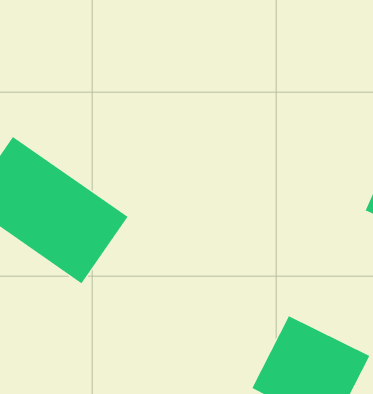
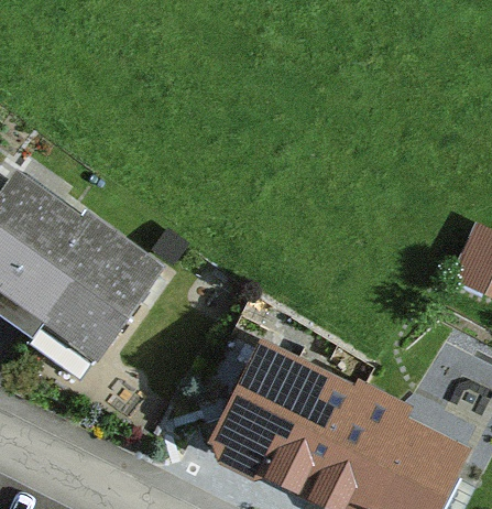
building: none -> [214,347,359,487]

